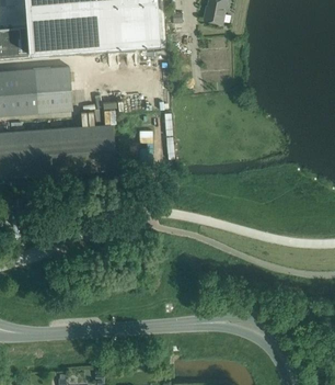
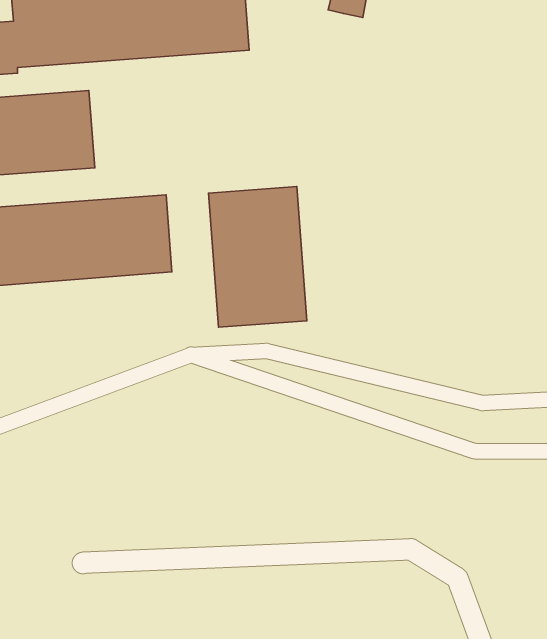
building: none -> [209,187,307,327]

